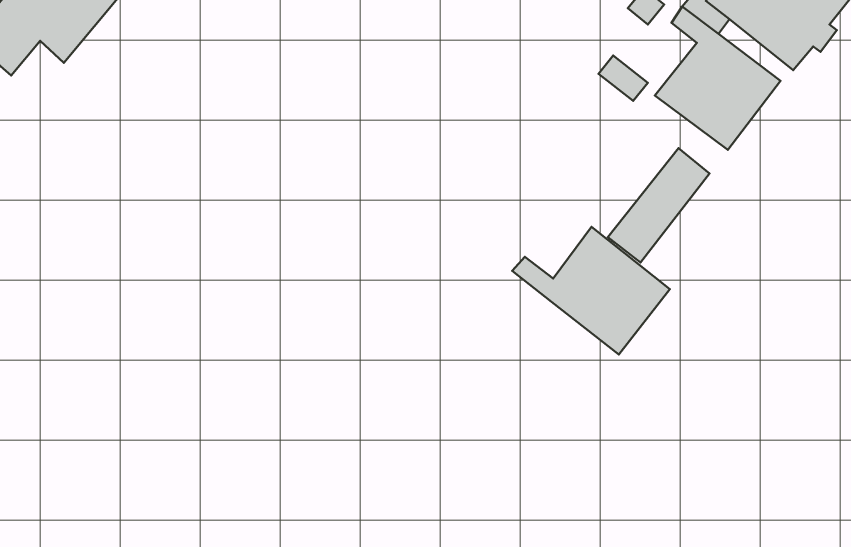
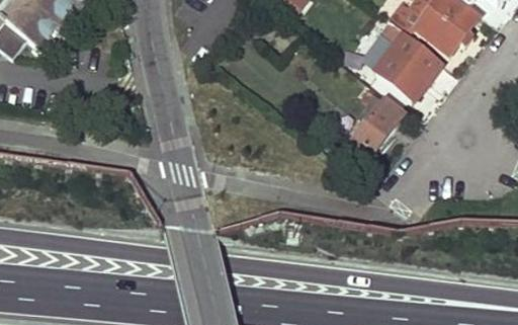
building: [512,227,670,355] -> none

